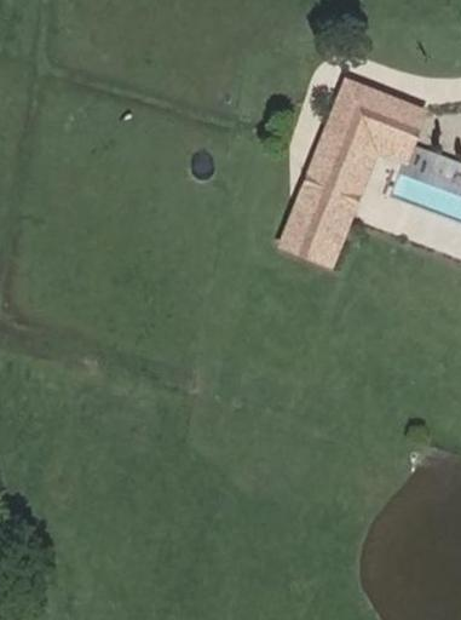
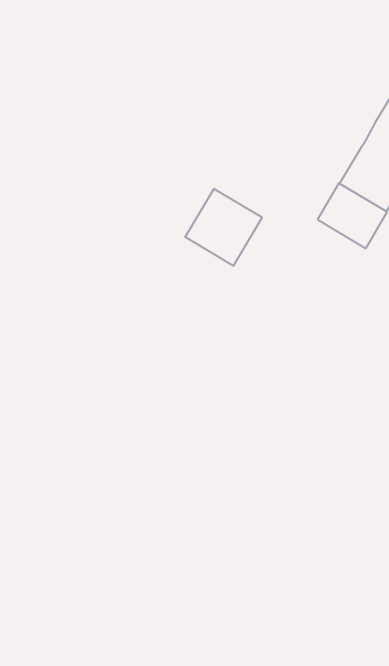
building: [286,196,348,259] -> [185,189,262,266]

